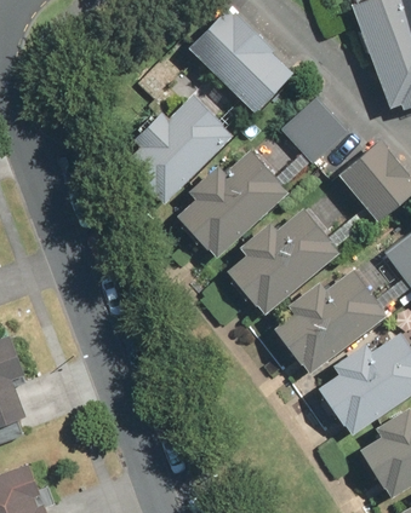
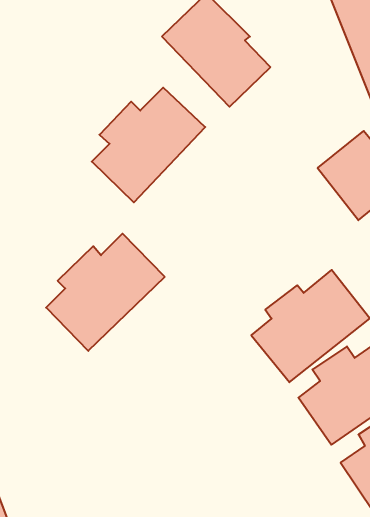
building: [275,92,347,162] -> none
building: [176,148,289,259] -> [46,234,165,351]
building: [229,196,344,316] -> none

